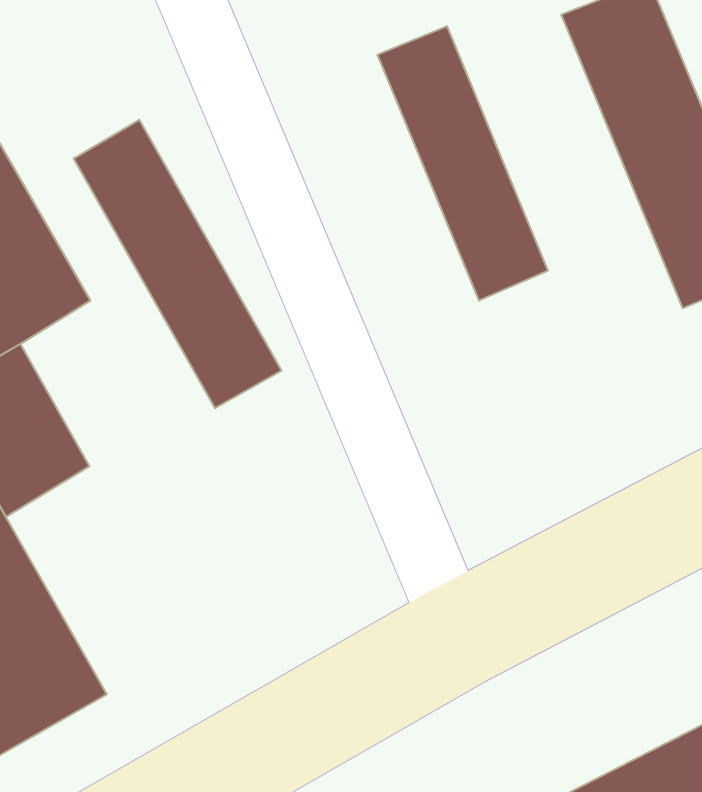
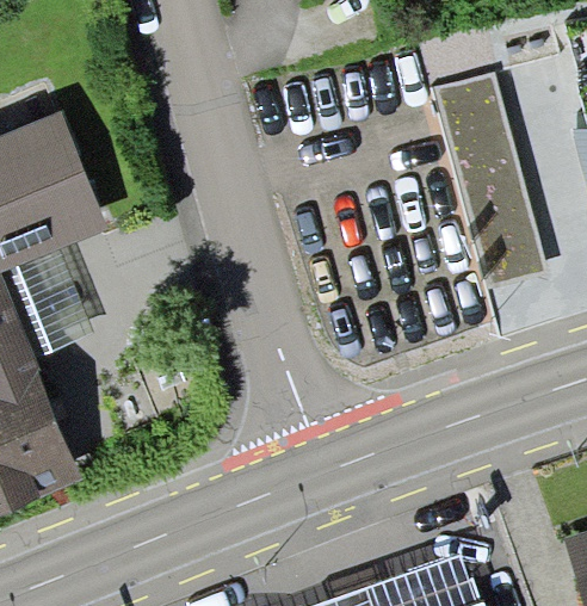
building: [377,26,548,301] -> none
building: [74,120,282,408] -> none

